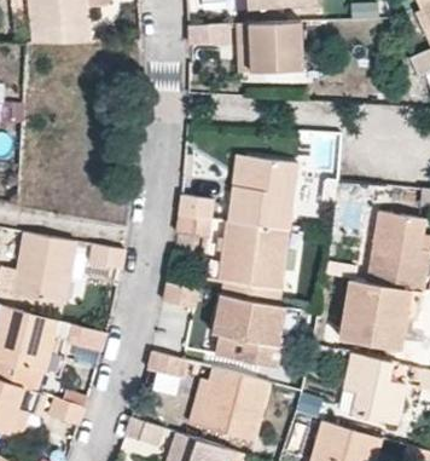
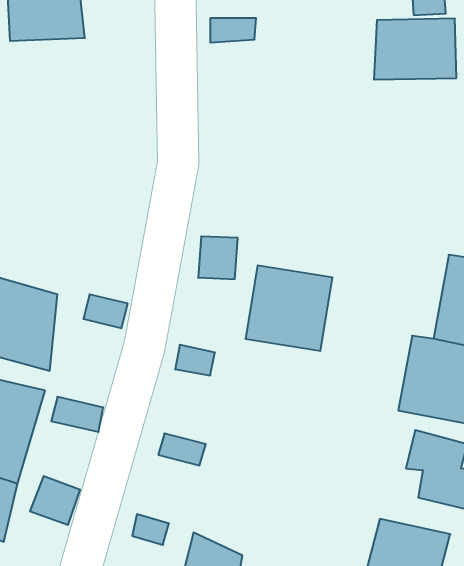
building: [236,21,301,69] -> [374,19,456,80]
building: [227,159,295,230] -> none
building: [209,293,284,362] -> none
building: [198,369,265,439] -> none

